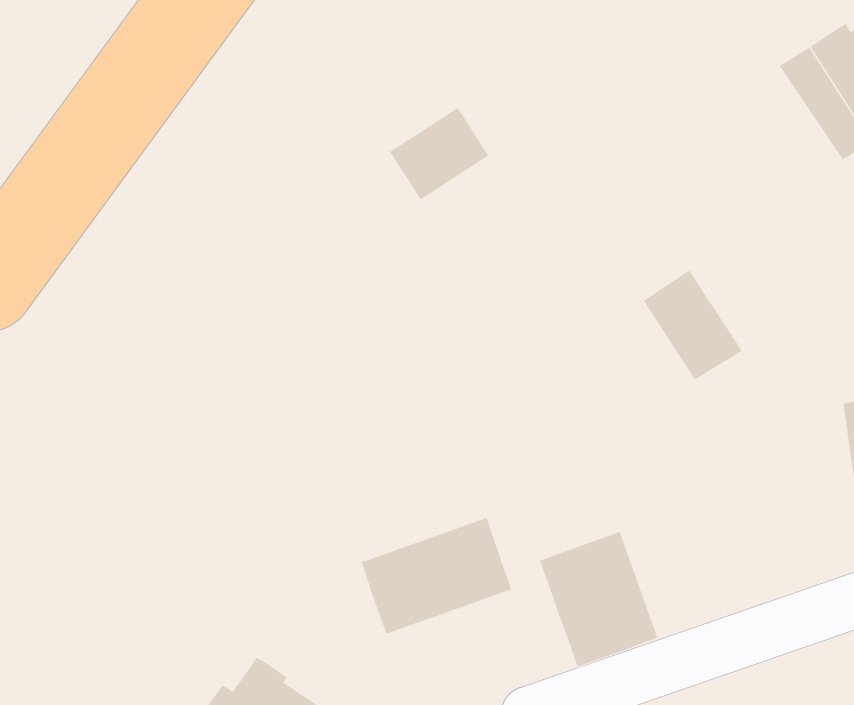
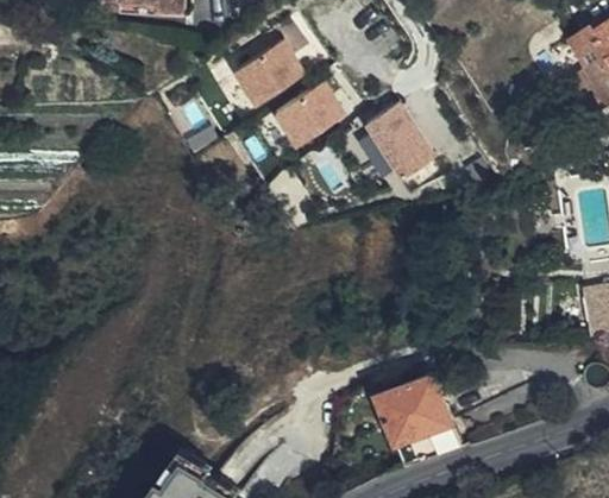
building: none -> [232,42,302,106]
building: [643,270,743,380] -> [364,101,433,177]
building: [361,517,512,635] -> none

